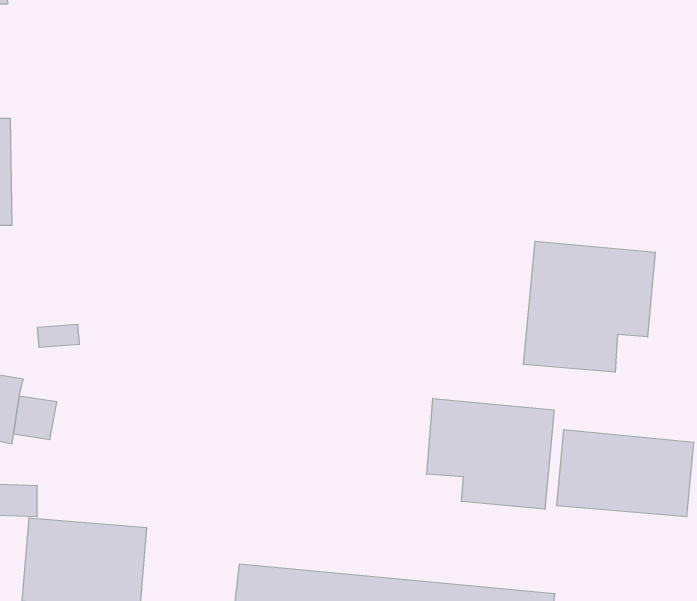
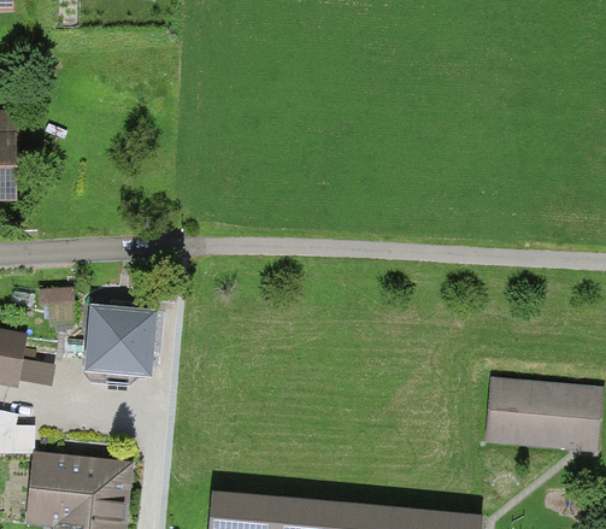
building: [523,241,655,372] -> none
building: none -> [83,304,158,378]
building: [427,398,554,509] -> none

